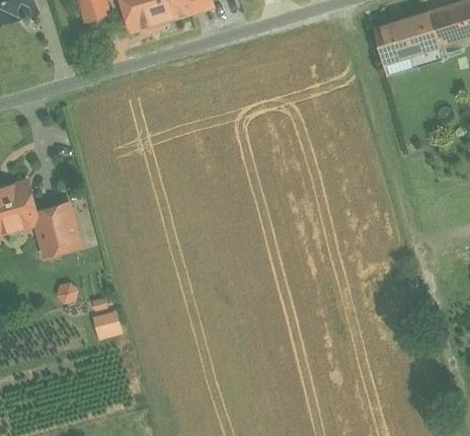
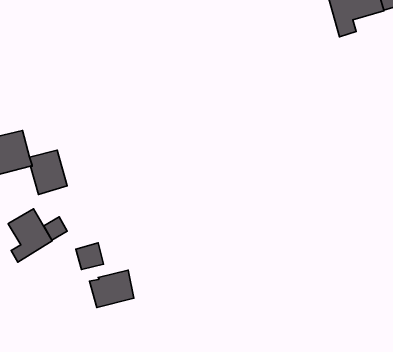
building: none -> [8,209,52,262]
building: none -> [90,270,134,307]

